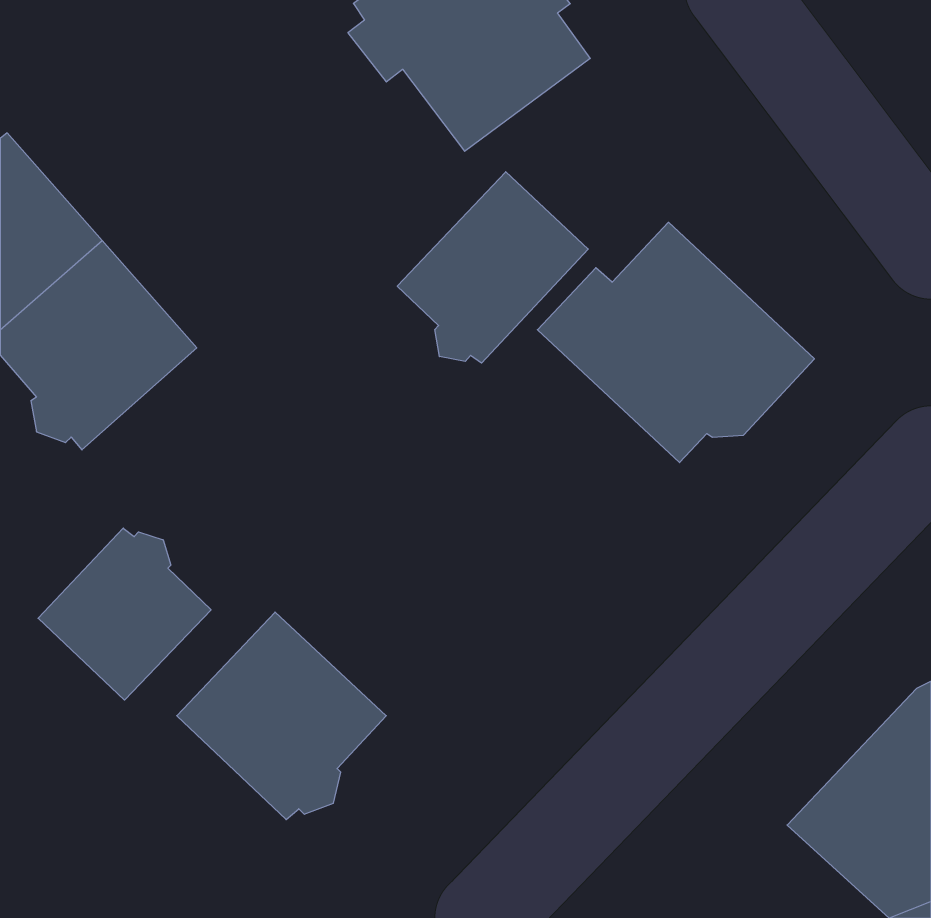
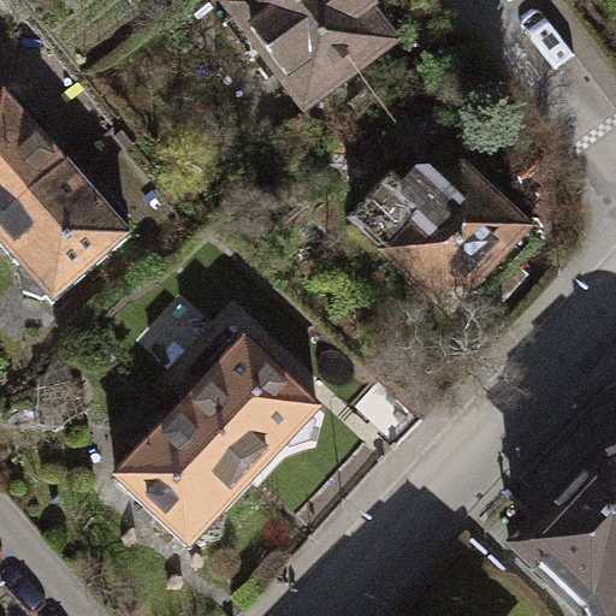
building: [397,172,588,363] -> none
building: none -> [182,334,320,473]
building: [38,528,211,700] -> none

